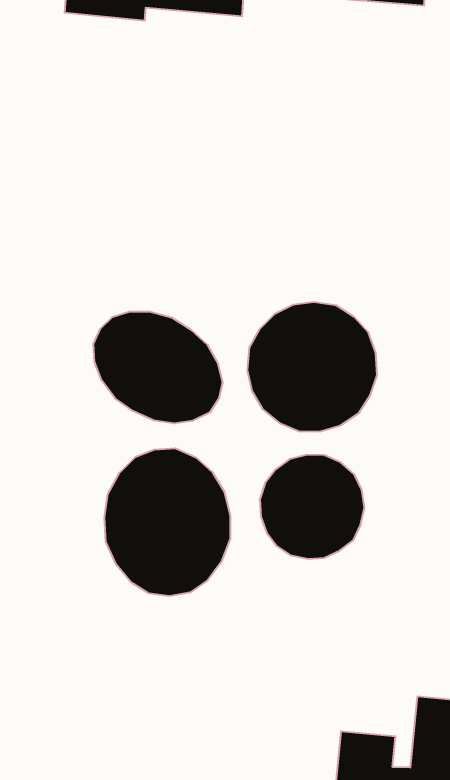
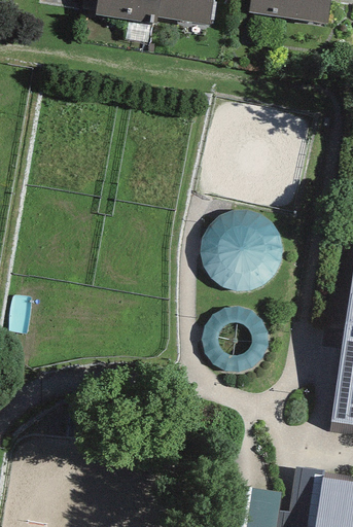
building: [94,312,222,424] -> none
building: [105,448,230,596] -> none

